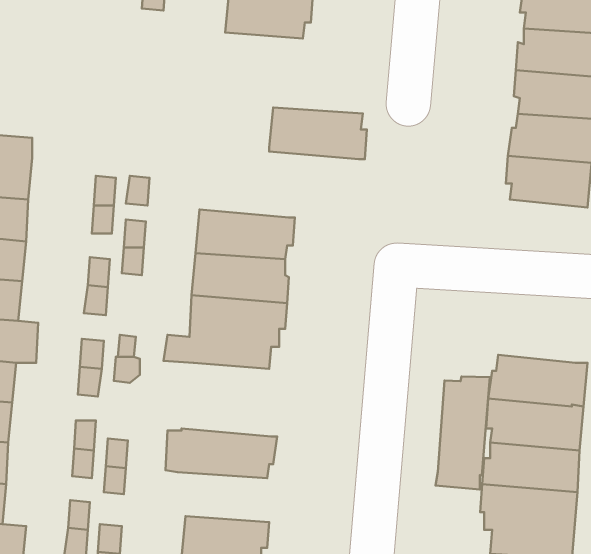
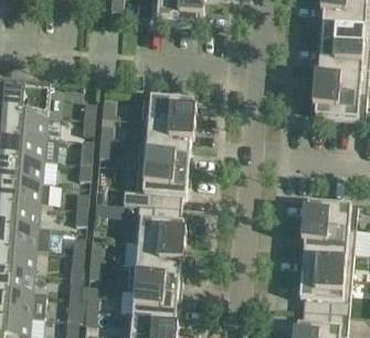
building: [269,108,367,159] -> [141,97,195,126]
building: none -> [131,207,186,247]
building: [436,377,490,489] -> none
building: none -> [127,267,181,295]

